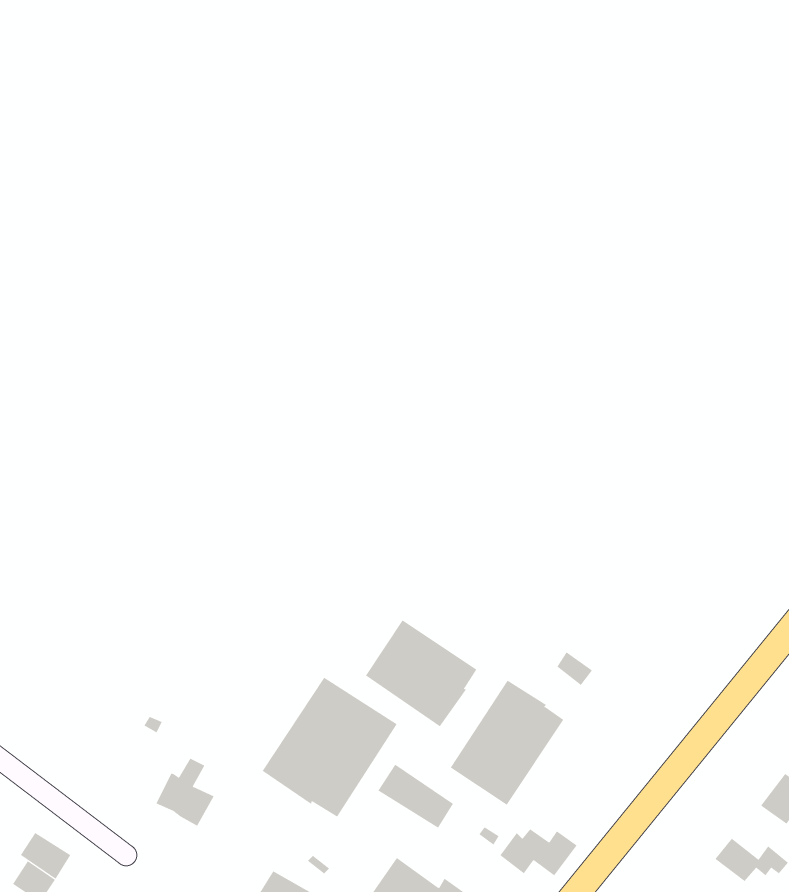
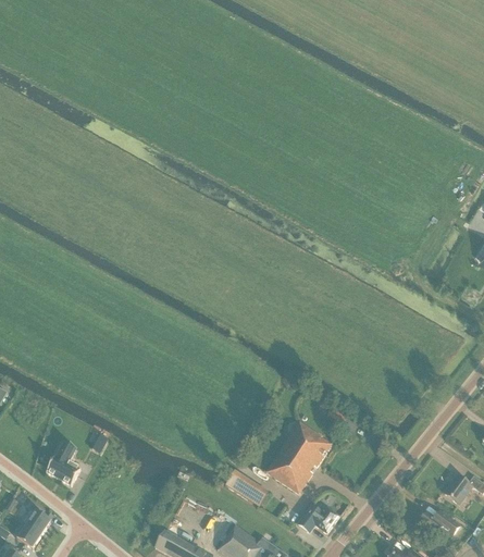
building: [365,619,477,727] -> none
building: [262,677,397,818] -> none
building: [156,758,215,826] -> [46,445,79,484]

